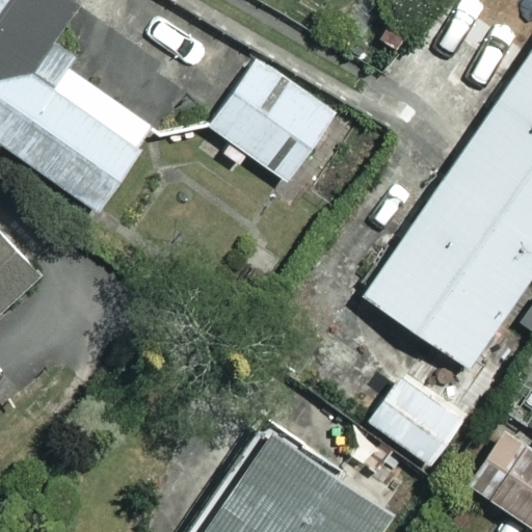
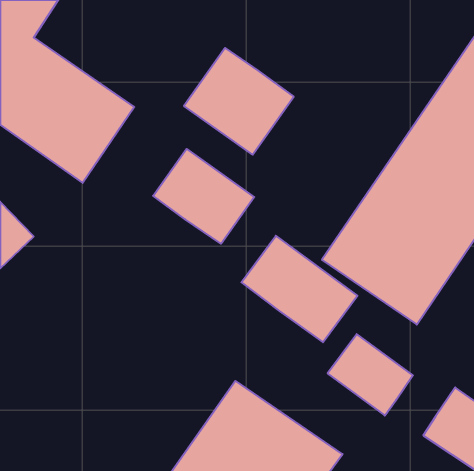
building: none -> [153,149,254,244]
building: none -> [241,236,357,342]

